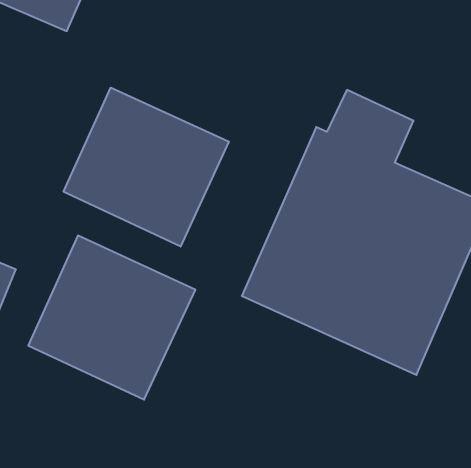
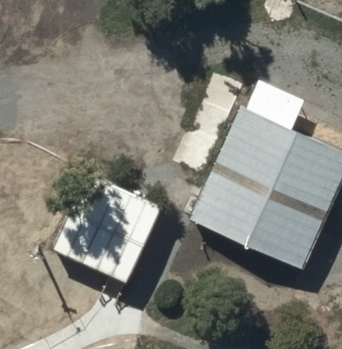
building: [64,88,229,247] -> none

